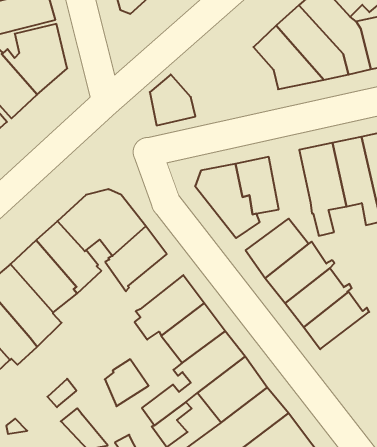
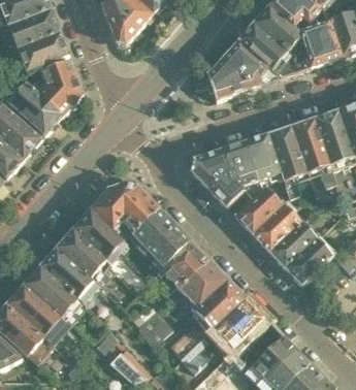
building: [150,74,195,125] -> [208,58,246,98]
building: none -> [245,132,281,180]
building: none -> [148,224,190,268]

